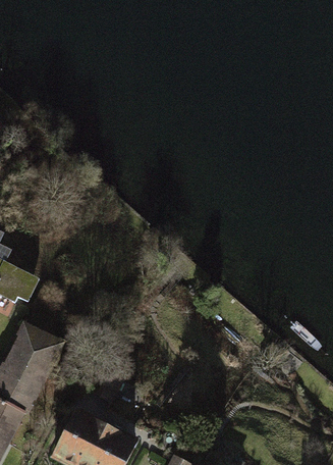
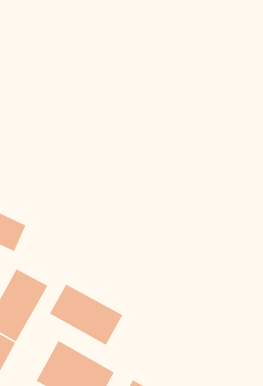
building: none -> [49,284,123,346]

